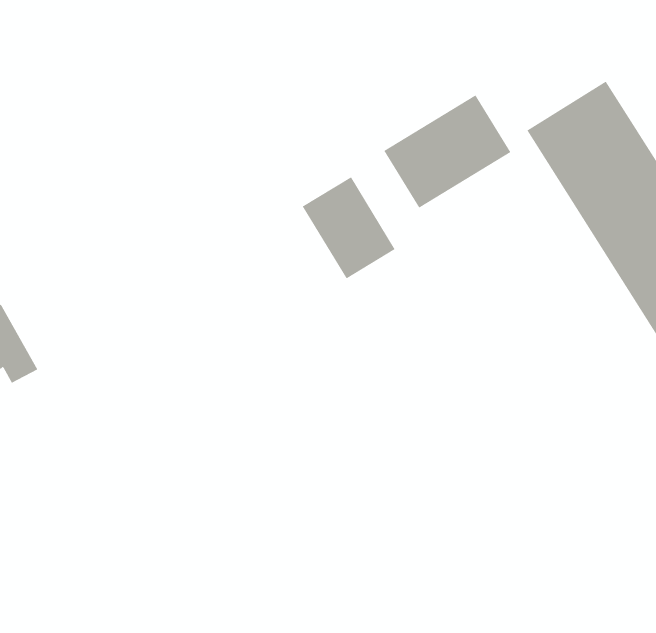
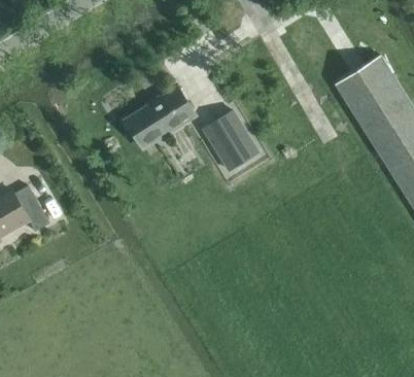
building: [384,95,511,209] -> none
building: none -> [125,87,196,149]

